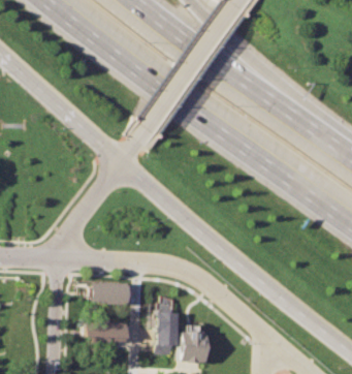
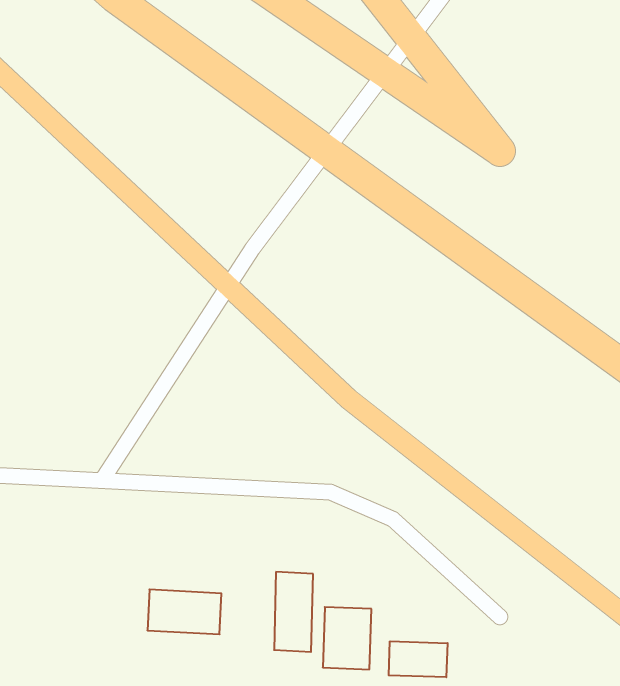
building: [91,283,129,307] -> none
building: none -> [389,641,448,677]

